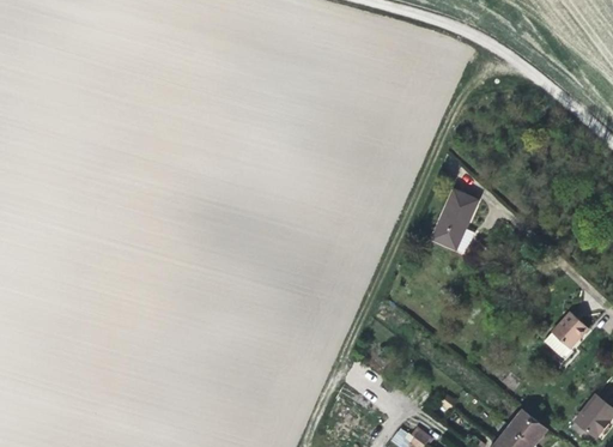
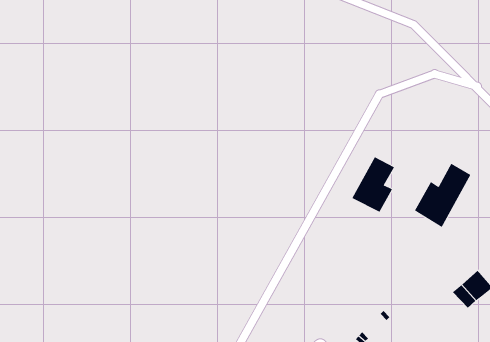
building: none -> [414,163,471,228]

